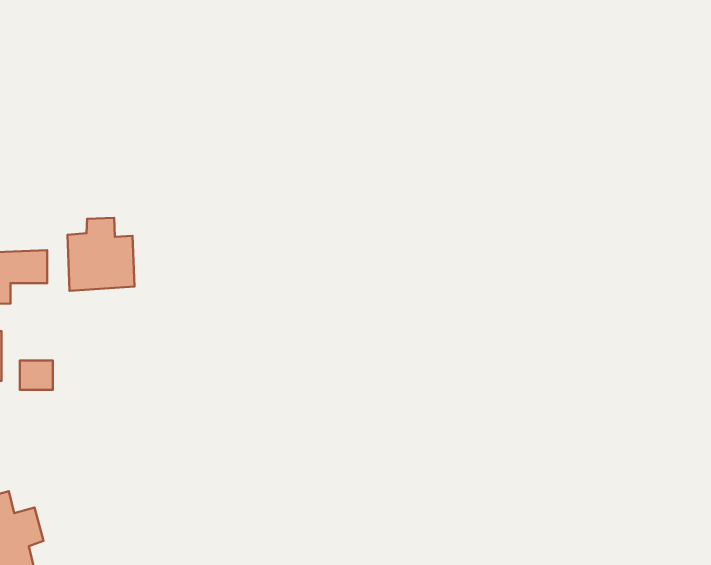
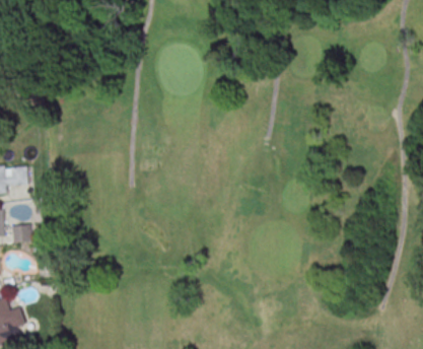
building: [68,218,135,291] -> none

